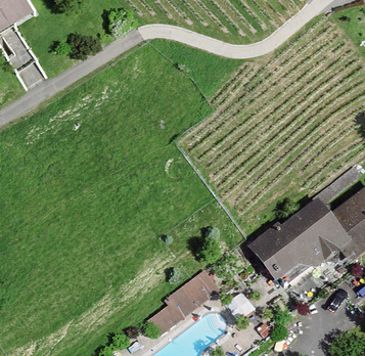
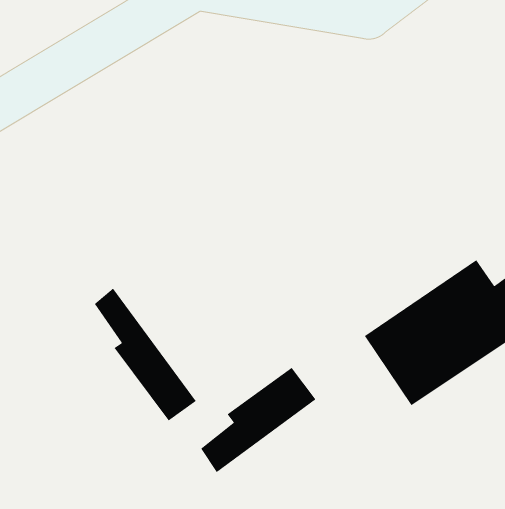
building: none -> [94,288,197,421]

